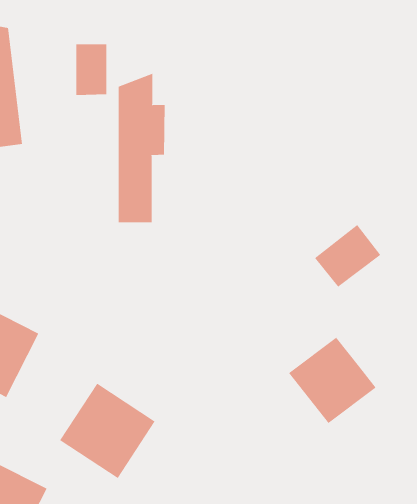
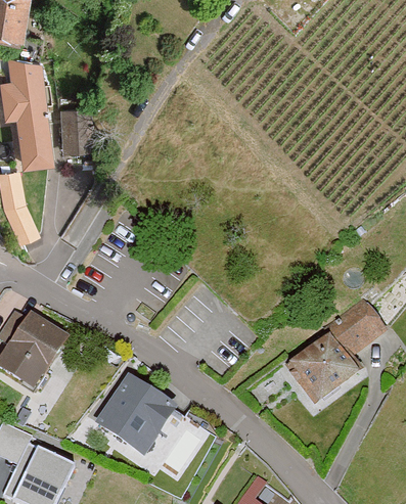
building: [76,44,107,96] -> [61,104,89,149]
building: [118,73,165,223] -> none
building: [314,224,381,288] -> [327,304,386,359]

